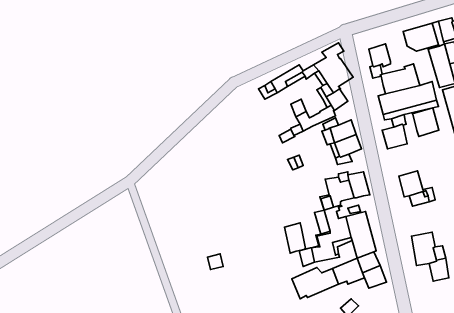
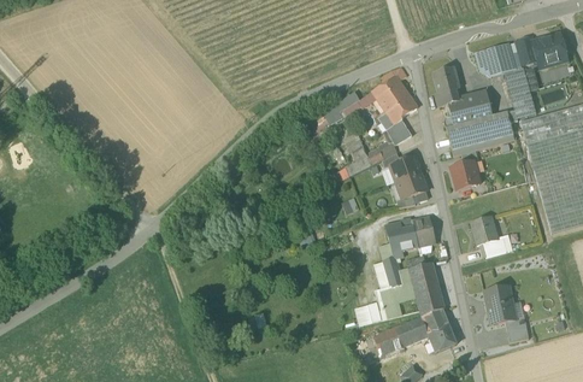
building: [412,108,439,136] -> none
building: [285,223,306,253] -> none

